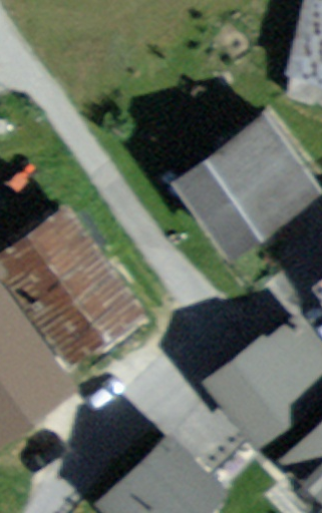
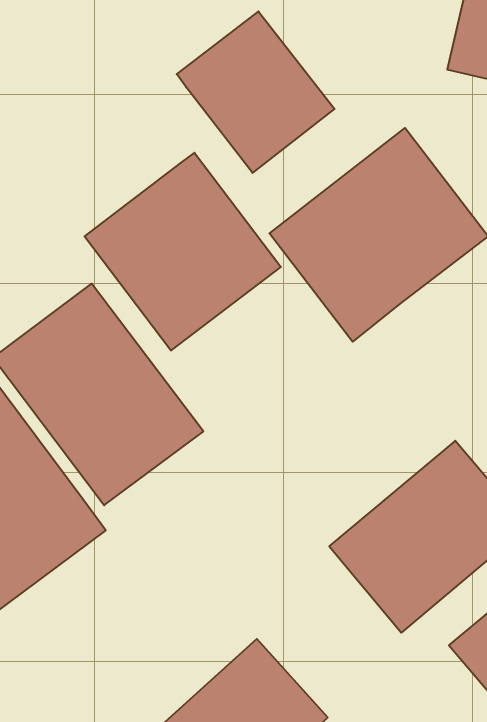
building: none -> [177,11,335,173]
building: none -> [85,153,281,351]

